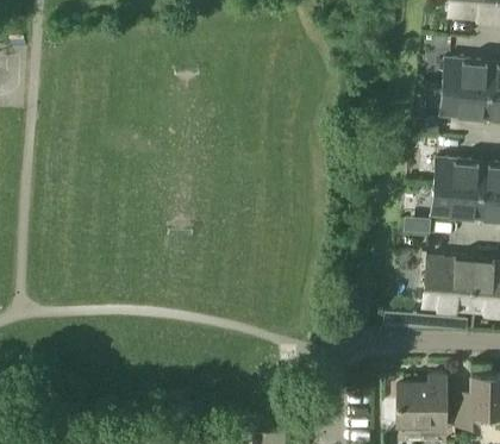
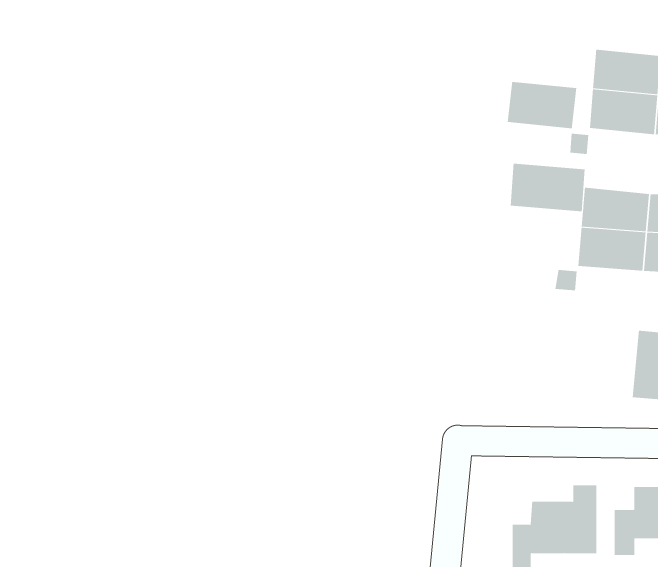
building: none -> [507,81,577,129]
building: none -> [510,163,585,212]
building: [424,258,476,311] -> none

